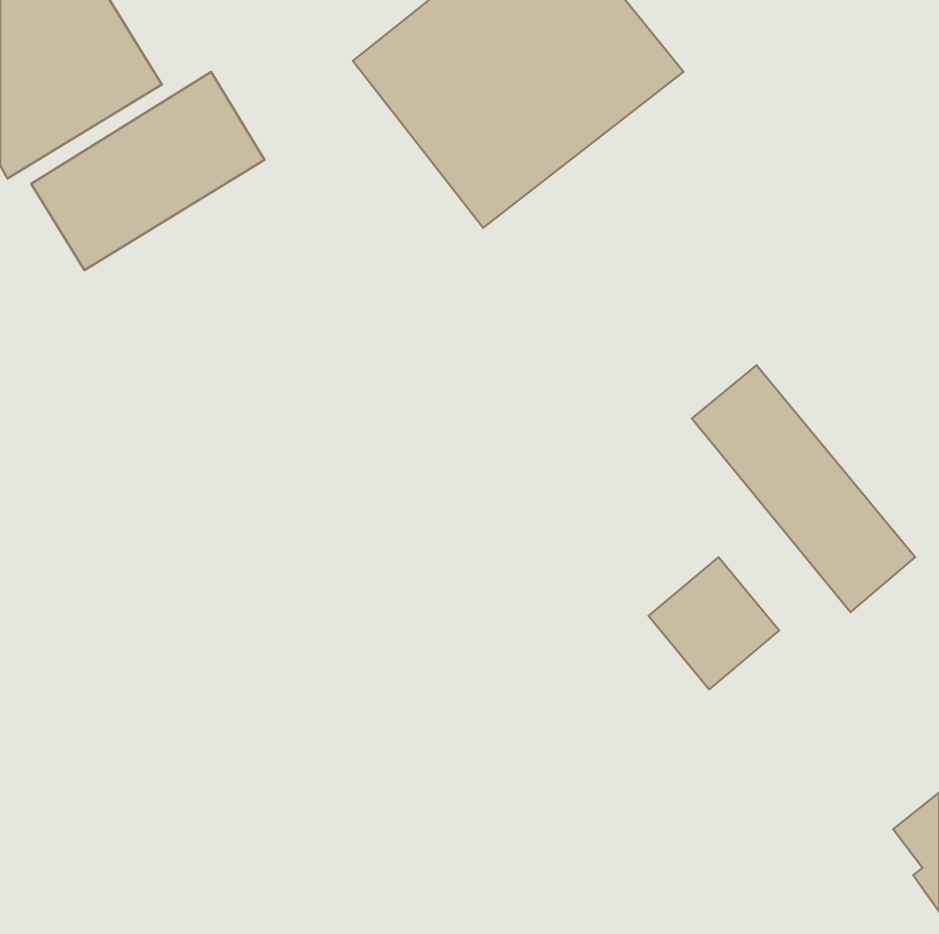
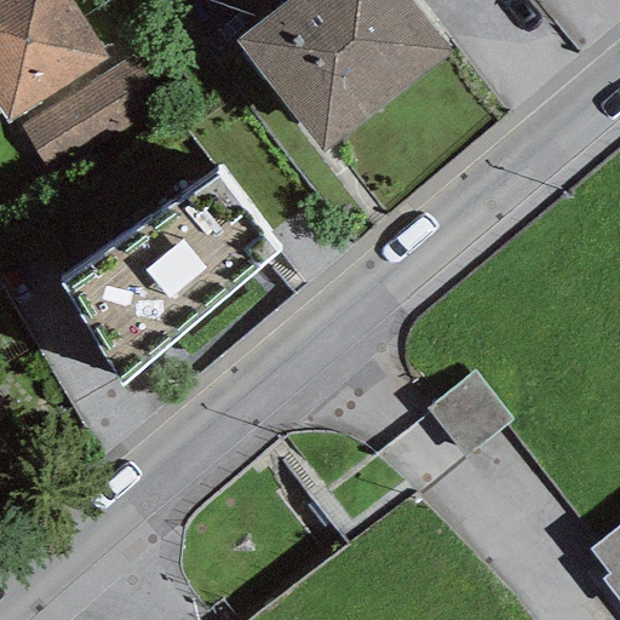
building: none -> [58,171,276,384]
building: [692,365,915,612] -> none

